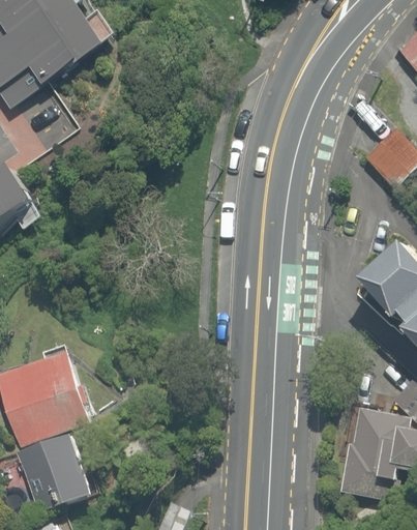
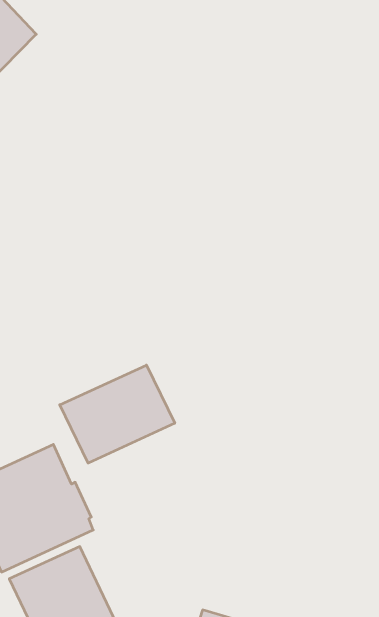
building: none -> [60,365,175,463]

